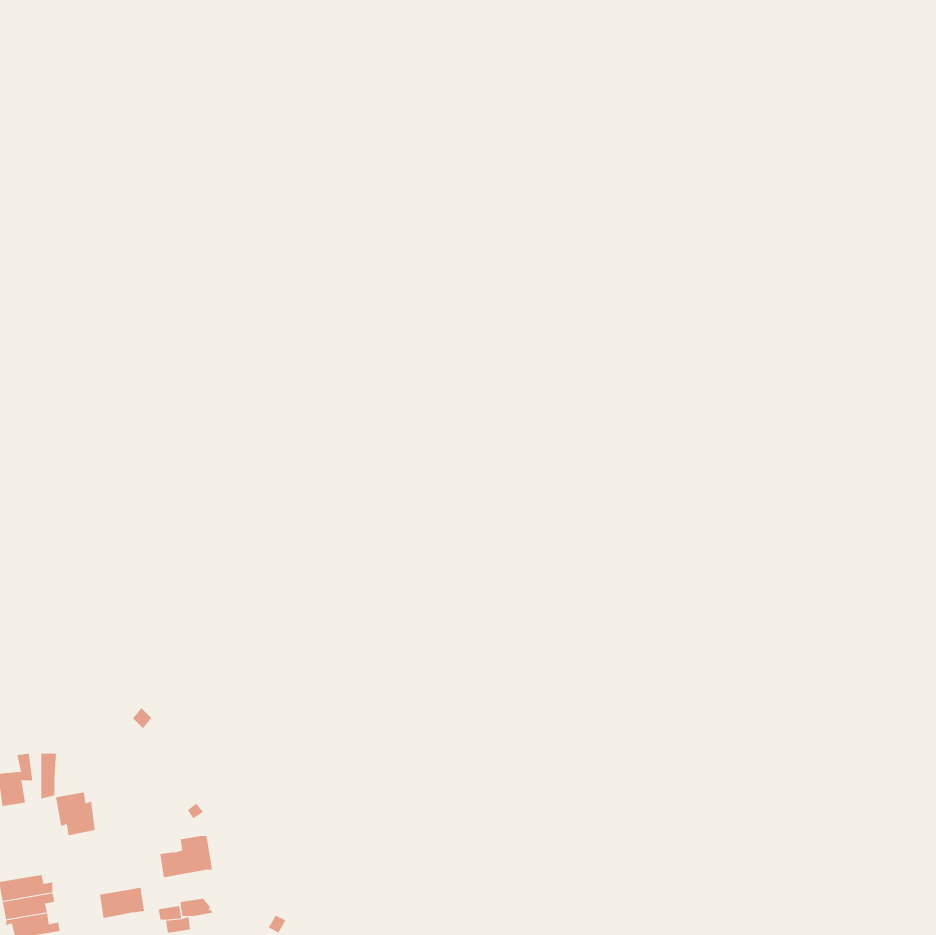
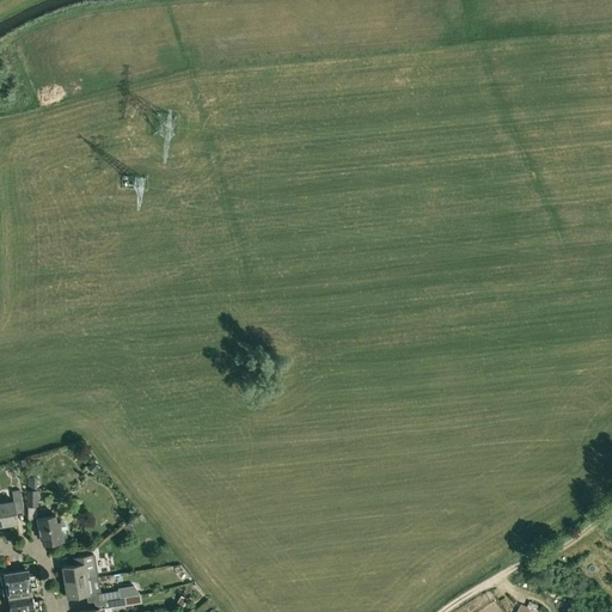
building: [160,835,213,878] -> [62,557,97,585]

